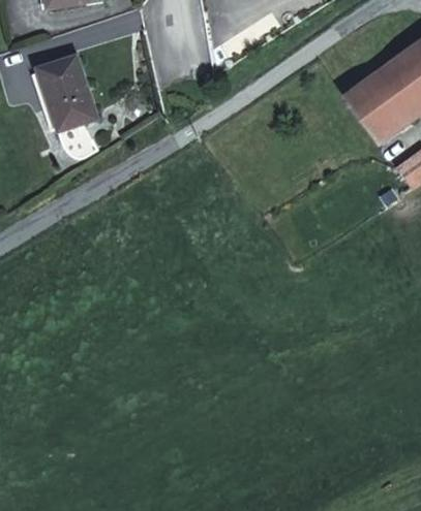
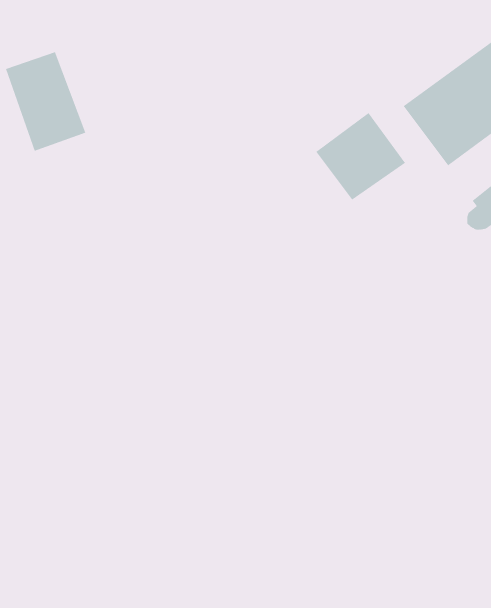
building: none -> [315,112,406,200]

